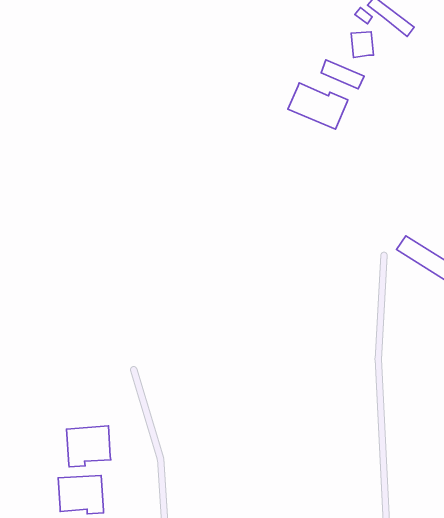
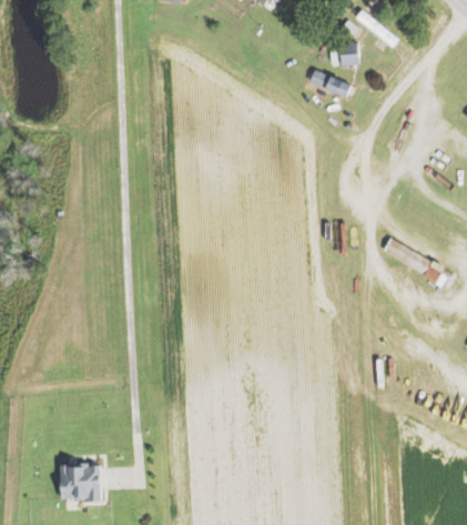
building: [288,83,348,129] -> none
building: [66,426,111,467] -> none

